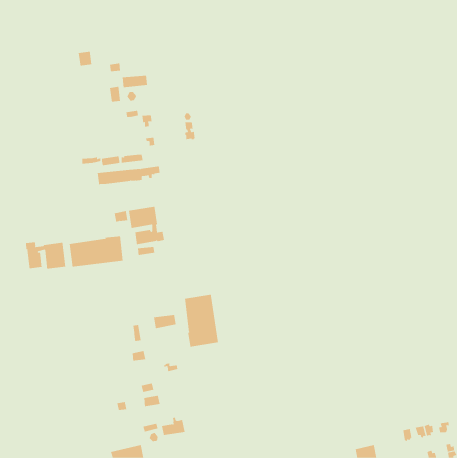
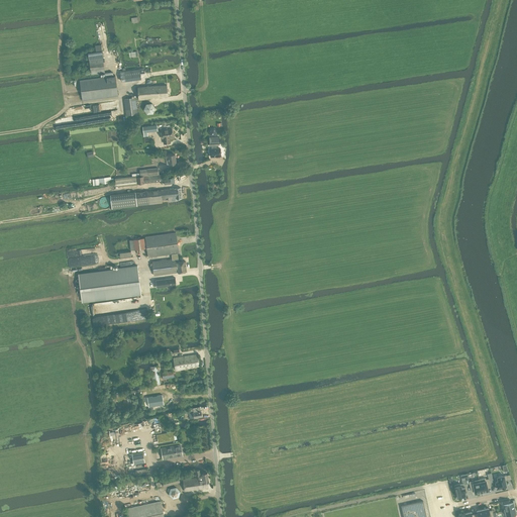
building: none -> [79,76,117,101]
building: [26,242,66,270] -> none
building: [185,294,219,347] -> none

